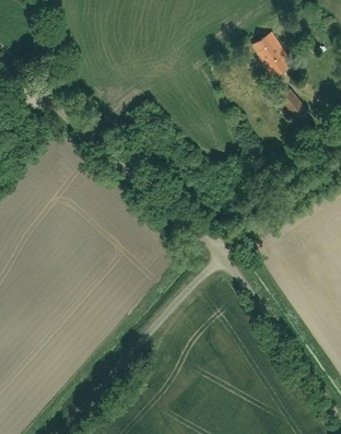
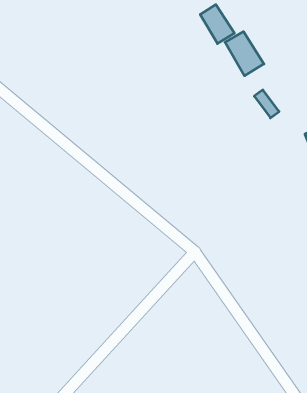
building: none -> [200,5,234,44]

